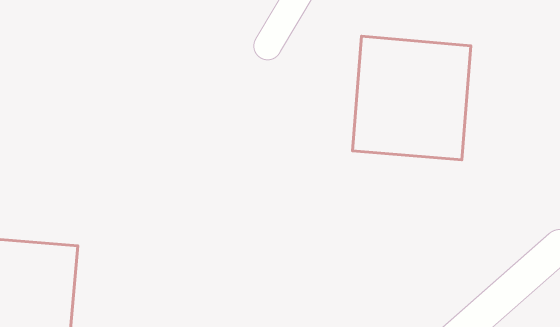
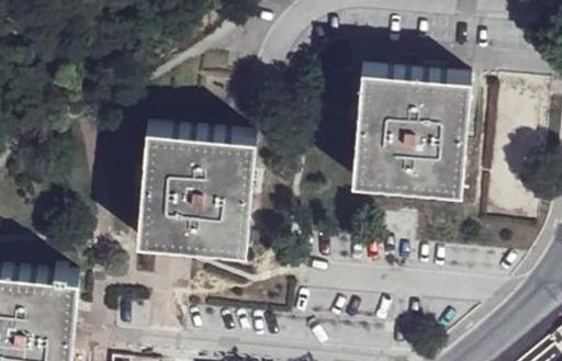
building: none -> [137,129,256,251]

